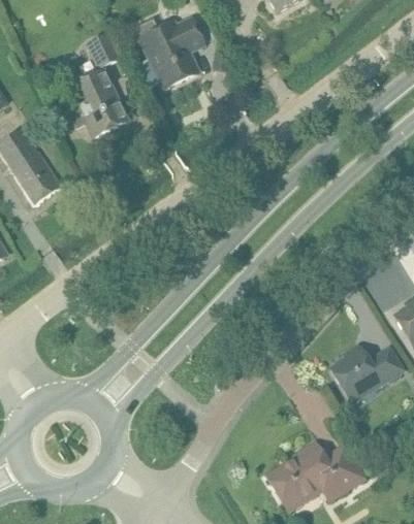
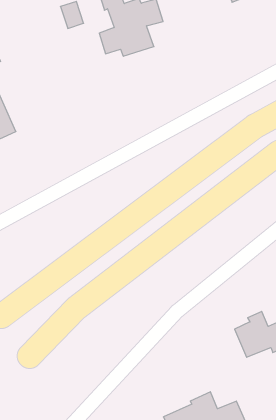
building: [70,70,127,136] -> none

